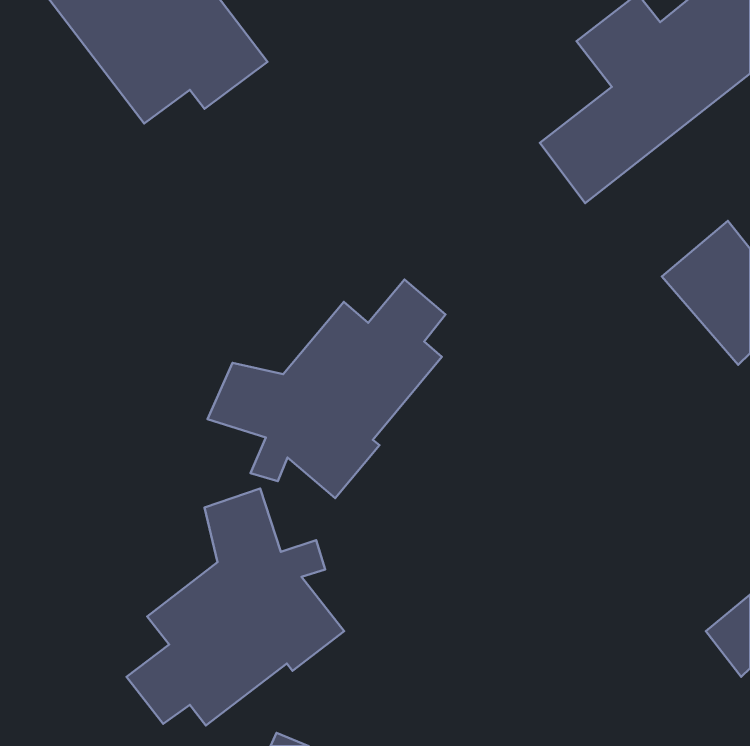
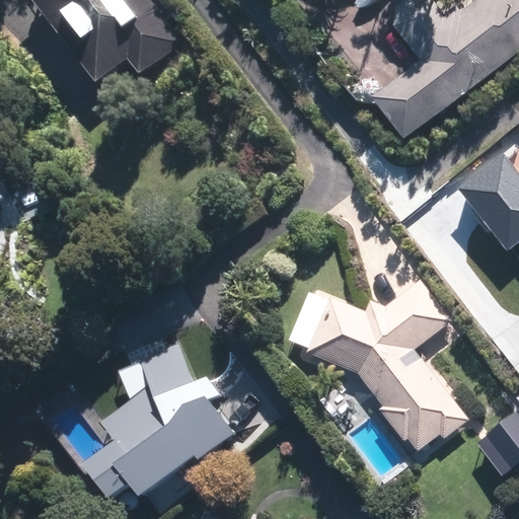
building: [207,279,446,498] -> none
building: none -> [289,275,472,450]

